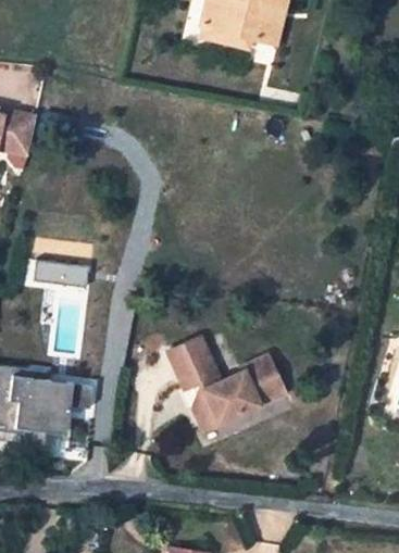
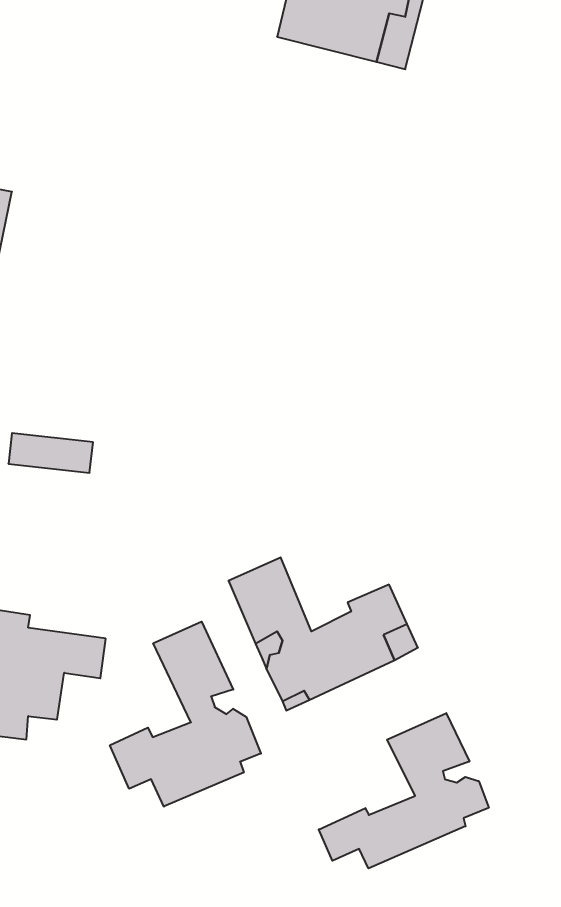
building: none -> [110,622,261,807]
building: none -> [319,713,489,868]

